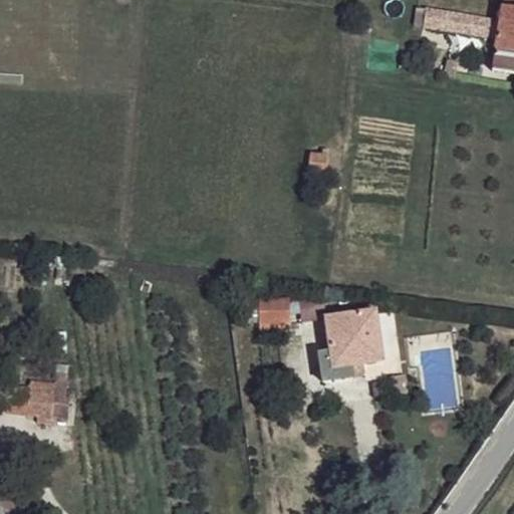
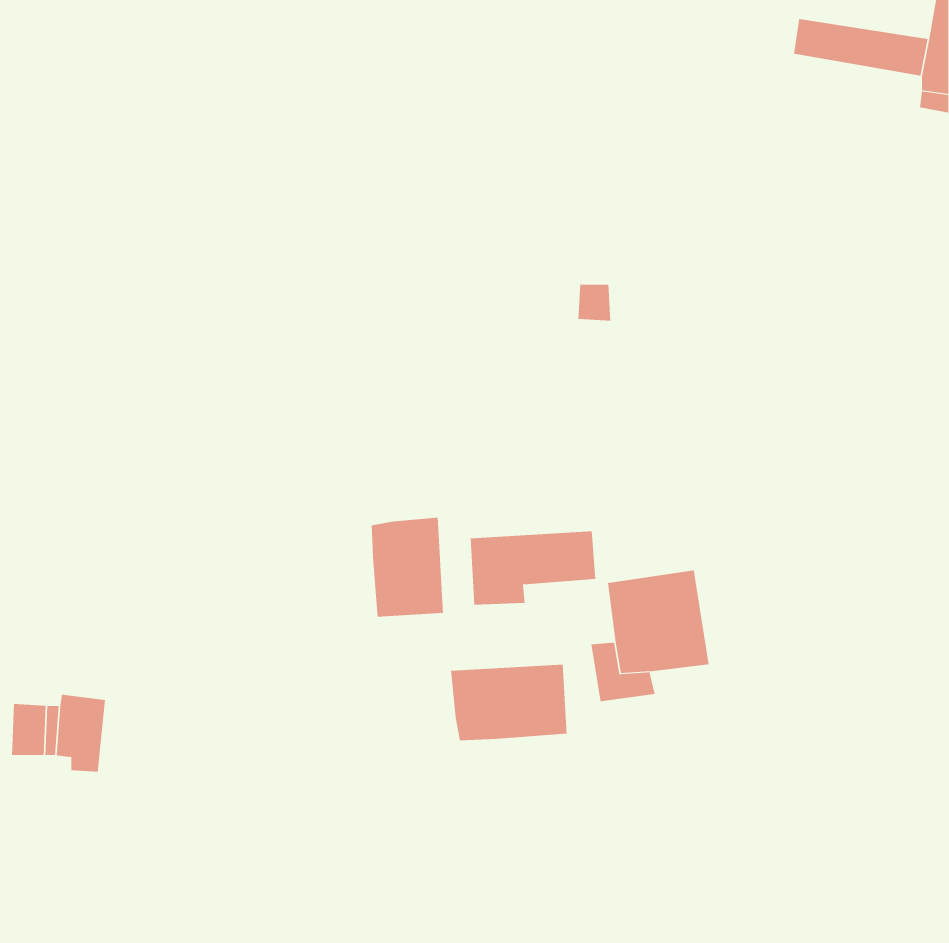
building: none -> [371,517,444,618]
building: none -> [450,664,567,741]

